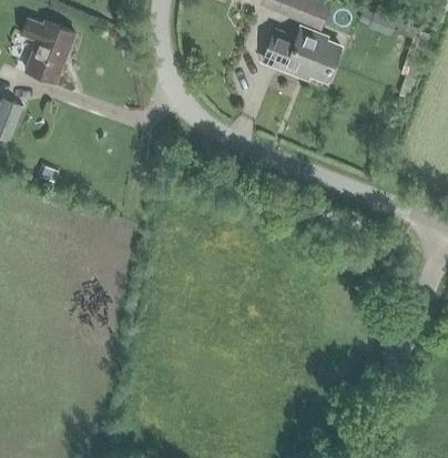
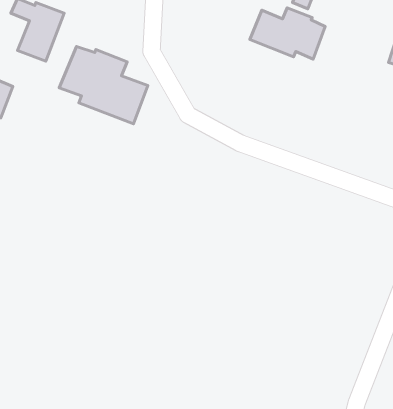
building: none -> [59,47,148,124]

